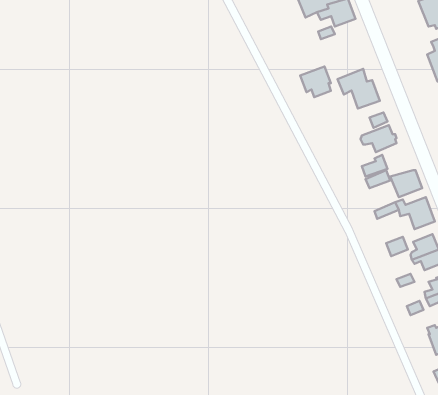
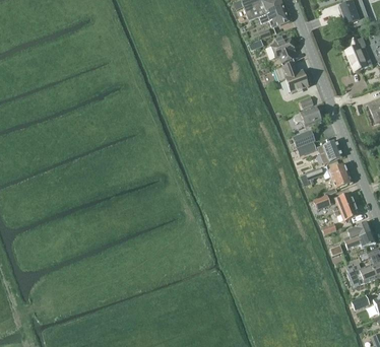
building: [300,66,331,97] -> [270,37,295,61]

